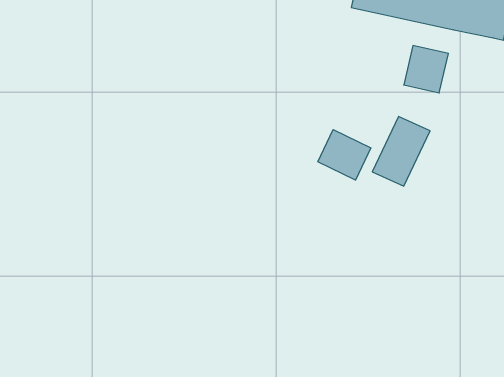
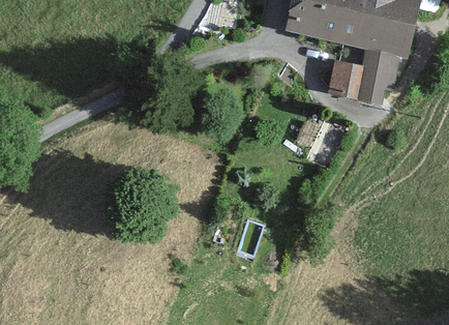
building: none -> [356,49,398,104]
building: [318,130,371,180] -> none

